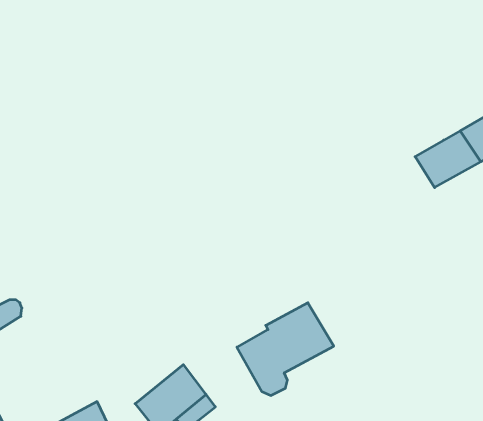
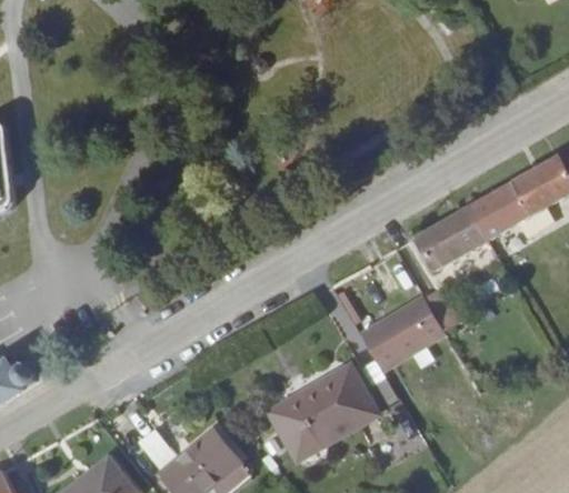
building: none -> [413,207,483,268]
building: none -> [363,293,451,374]

